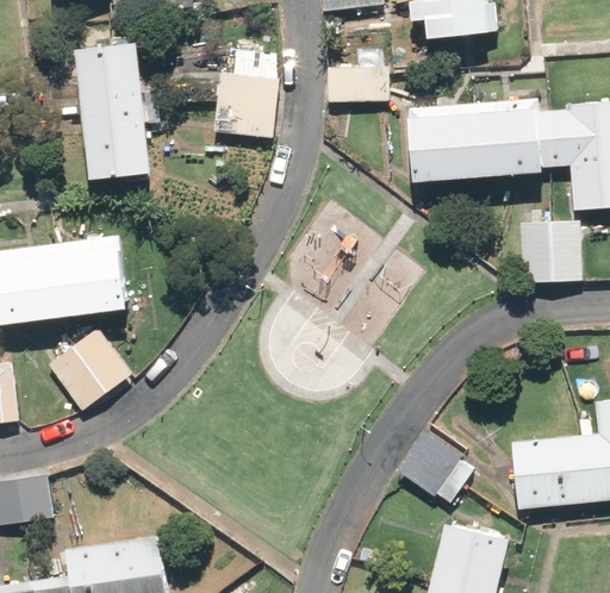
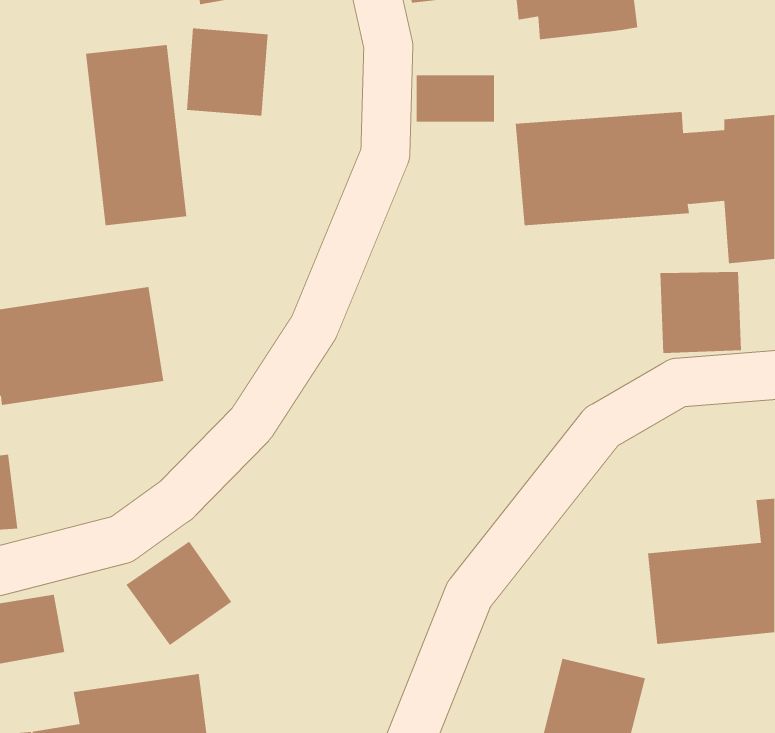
building: [216,69,280,138] -> [186,28,268,116]
building: [48,327,131,410] -> [125,541,232,646]
building: [398,429,477,505] -> none

